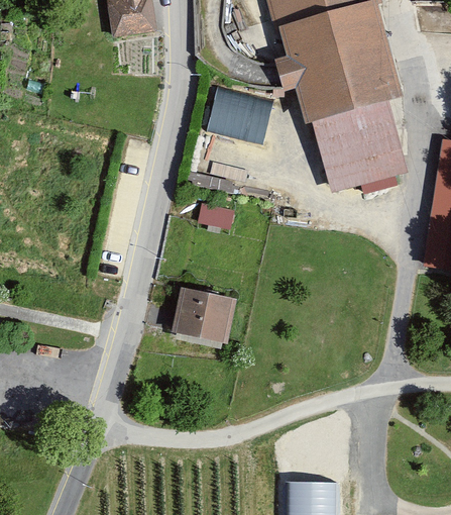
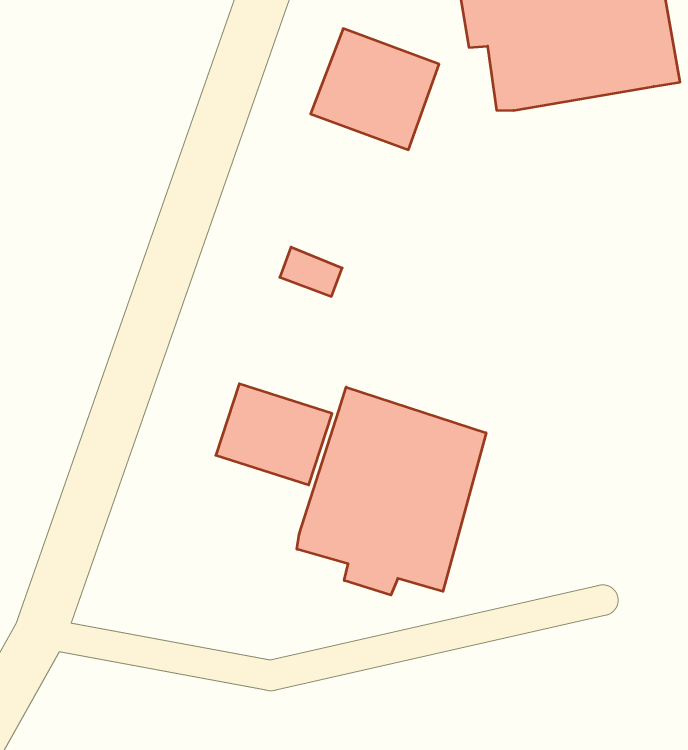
building: [314,100,408,192] -> none
building: none -> [297,387,486,595]

